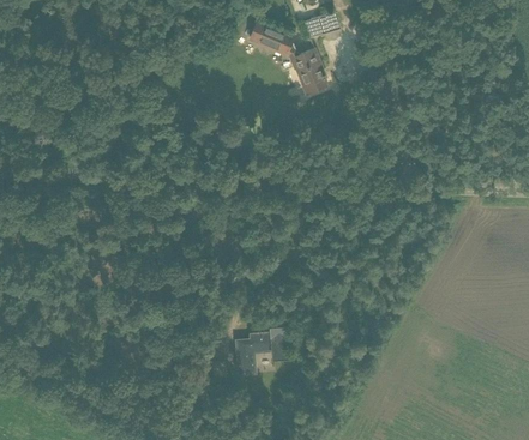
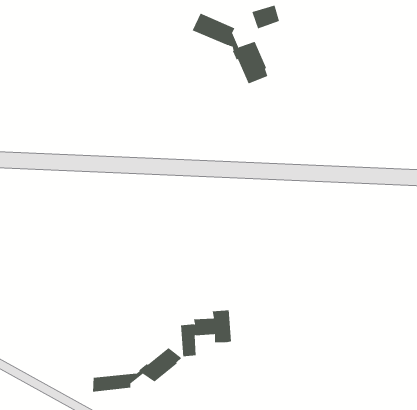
building: none -> [93,347,182,393]

